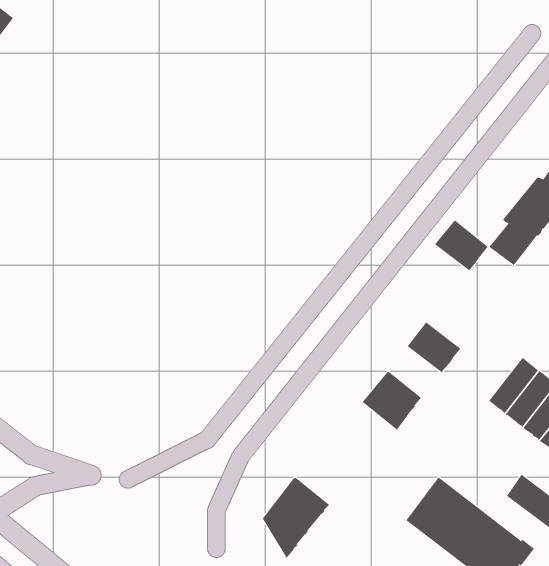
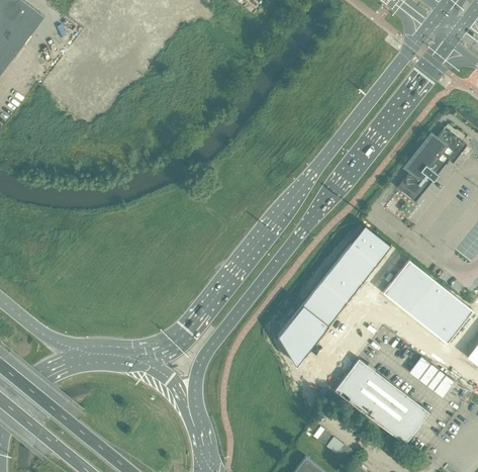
building: [434,220,488,271] -> [350,225,390,264]
building: none -> [382,260,421,302]
building: none -> [321,262,362,300]
building: [262,476,330,559] -> [278,303,328,365]

